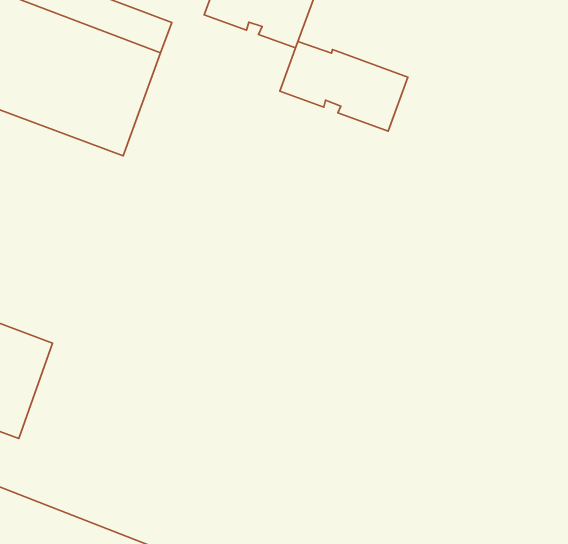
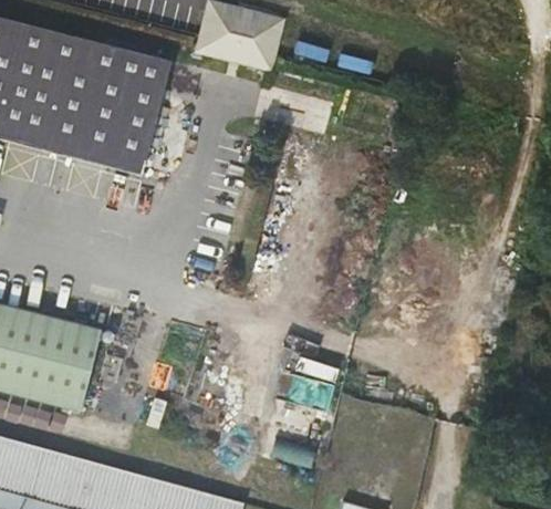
building: [280,42,408,131] -> none

